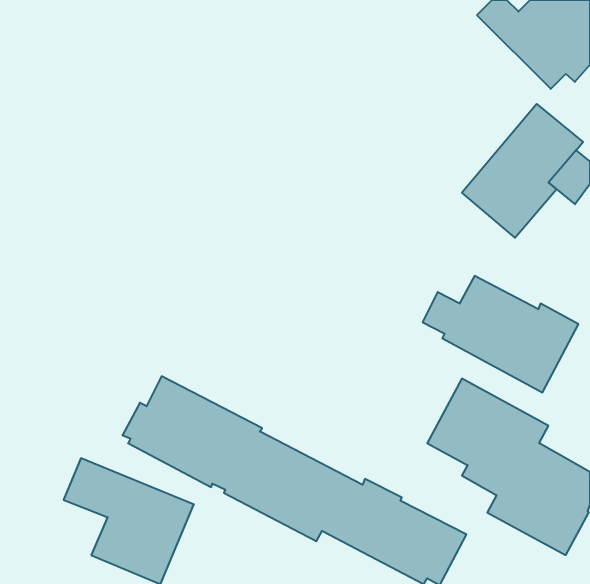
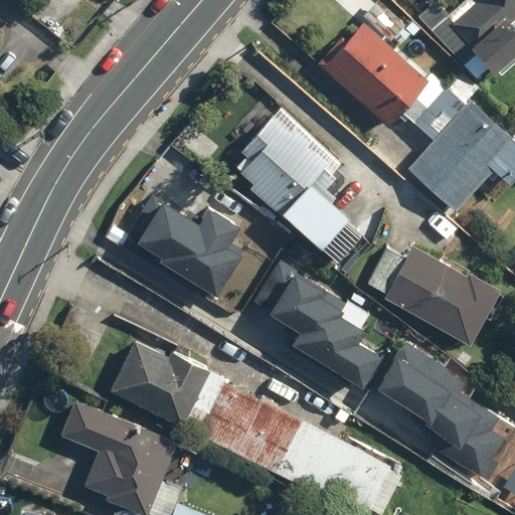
building: none -> [324,23,432,139]
building: none -> [241,119,366,264]
building: none -> [129,192,245,302]
building: none -> [253,258,384,387]

